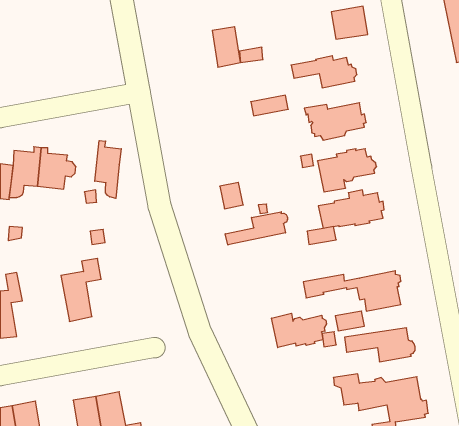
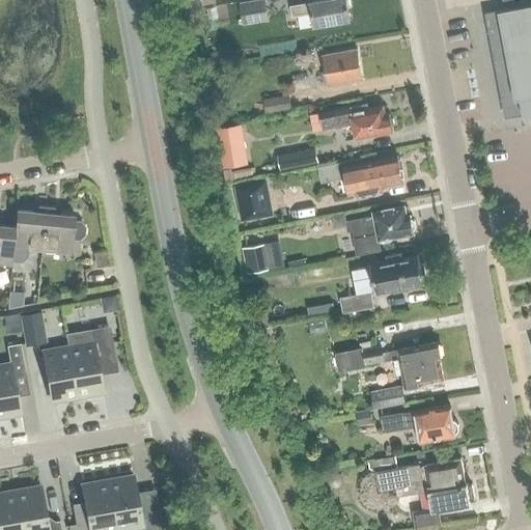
building: [331,6,368,39] -> [323,49,363,85]
building: [212,27,240,67] -> [217,124,248,169]
building: none -> [234,182,268,220]
building: [95,141,121,198] -> none
building: [225,212,287,245] -> none
building: none -> [20,312,45,345]
building: none -> [41,347,77,402]
building: [272,313,326,348] -> none

